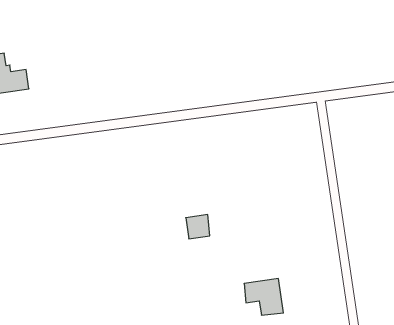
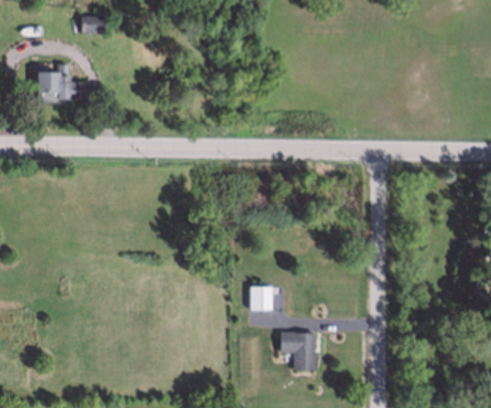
building: none -> [81,17,103,35]
building: [186,215,210,239] -> [250,287,273,309]

